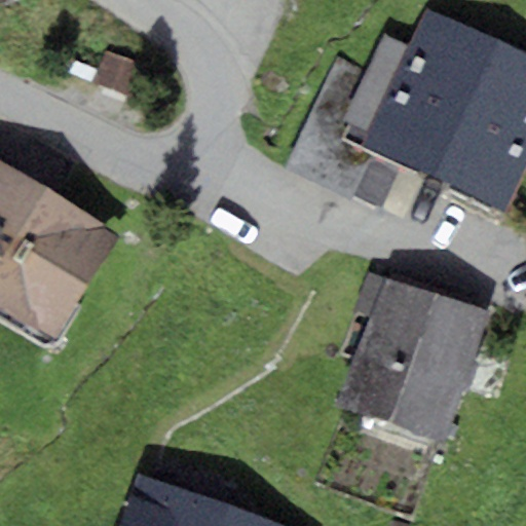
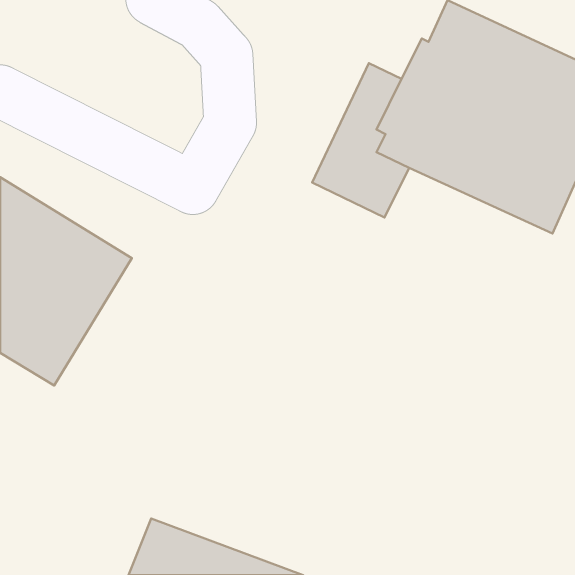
building: [341,272,488,441] -> none

